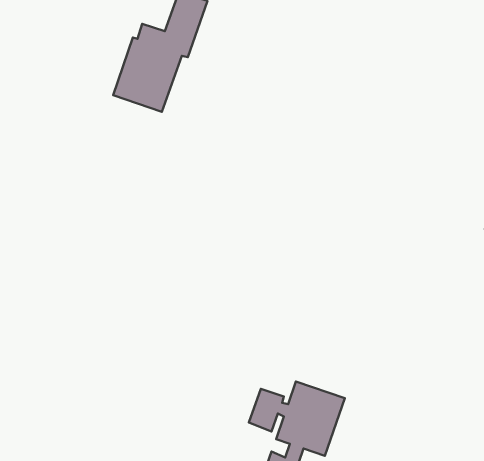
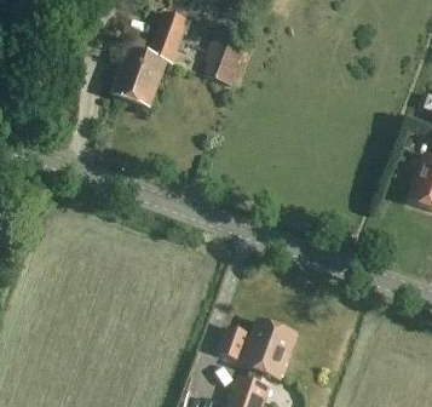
building: none -> [207,29,248,84]

